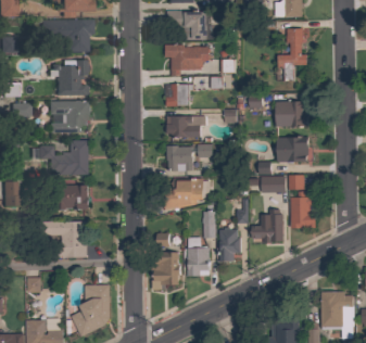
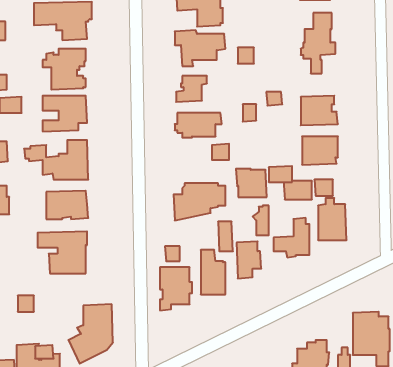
building: [166,145,193,170] -> [236,169,267,197]

